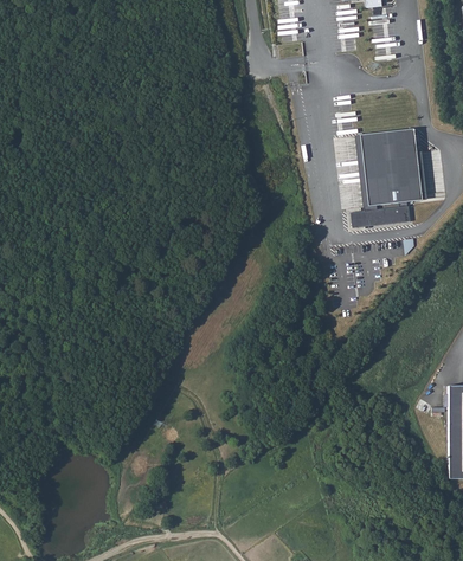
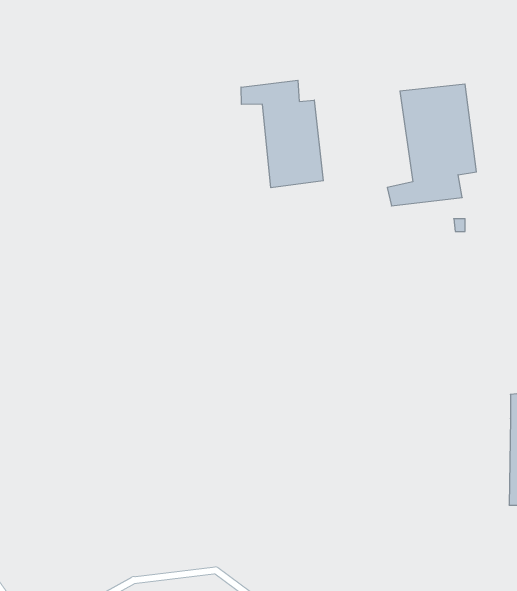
building: none -> [241,80,323,188]

